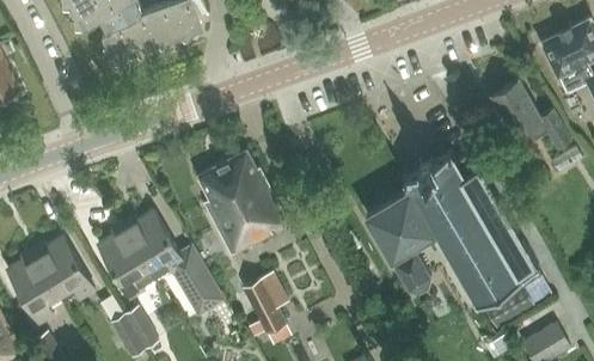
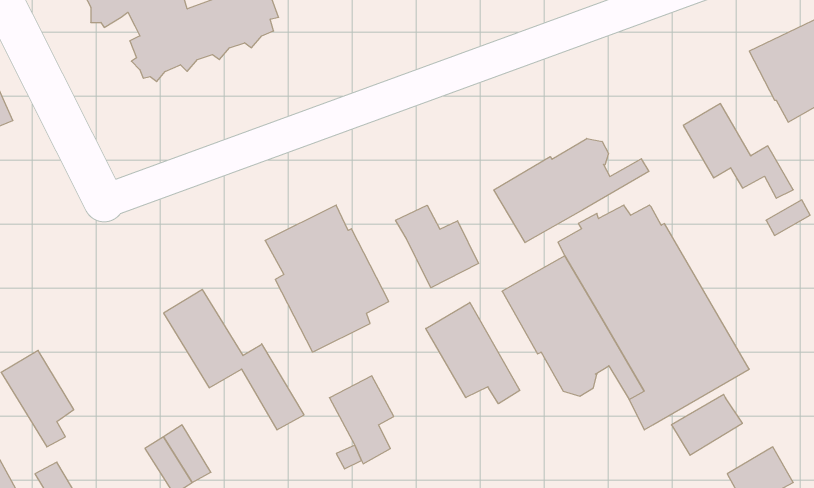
building: none -> [494,138,649,243]
building: none -> [396,205,478,288]
building: none -> [426,302,520,404]
building: [97,228,157,298] -> none
building: [36,237,97,299] -> none

